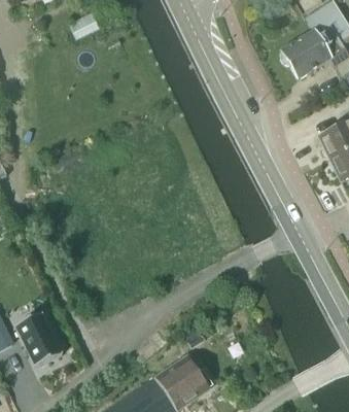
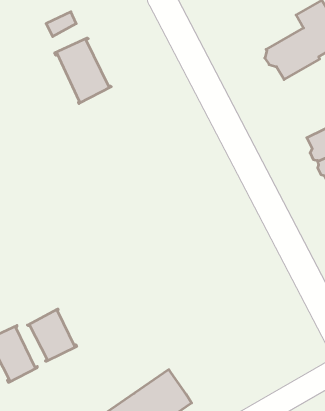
building: none -> [55,38,111,104]
building: none -> [27,309,77,361]

